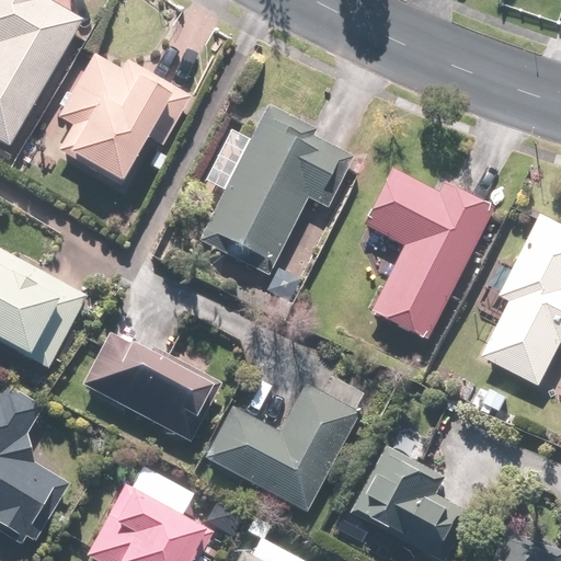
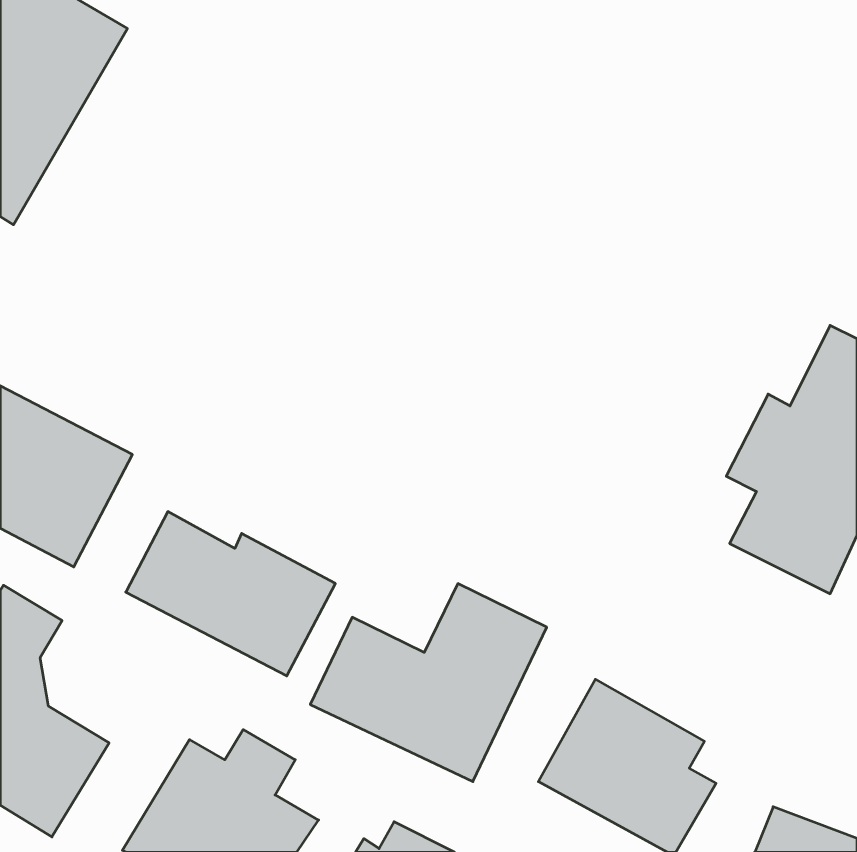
building: [41,53,196,194] -> none
building: [198,101,354,272] -> none
building: [359,165,494,344] -> none

